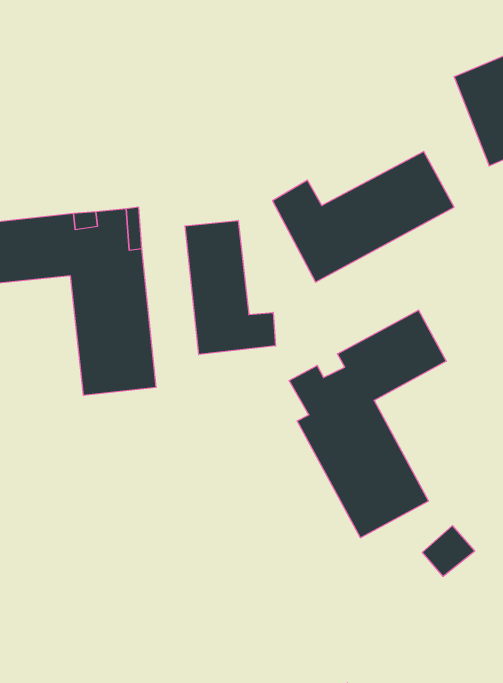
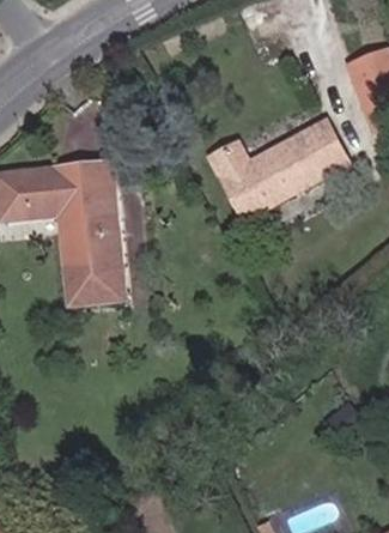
building: [185,220,276,355] -> none
building: [289,310,446,538] -> none

